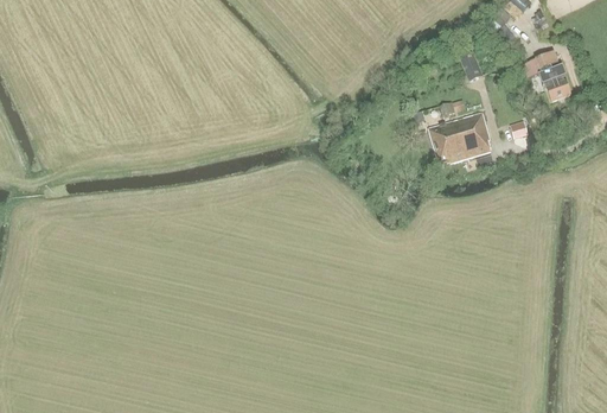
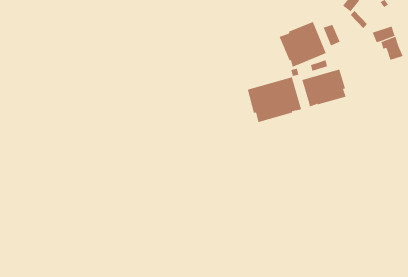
building: none -> [279,21,326,68]
building: none -> [247,77,302,123]

